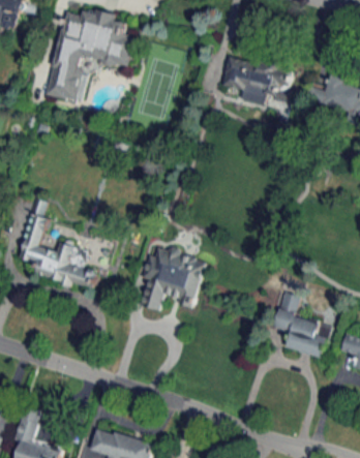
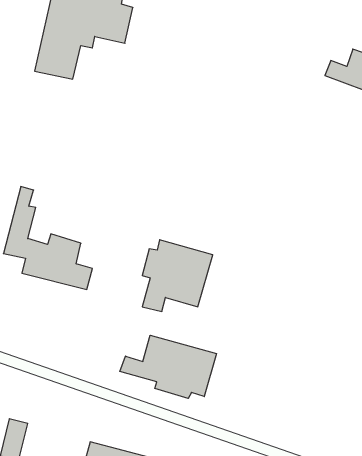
building: [222,55,294,103] -> none
building: [274,294,331,358] -> none
building: none -> [120,335,216,398]

